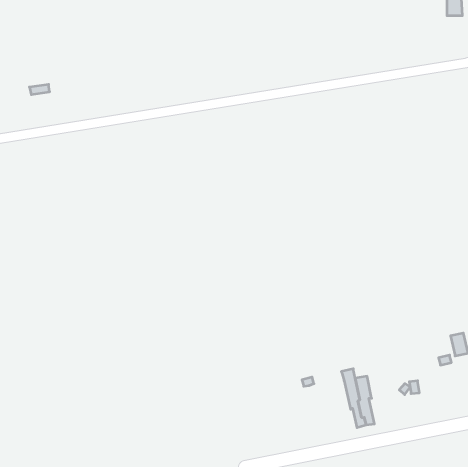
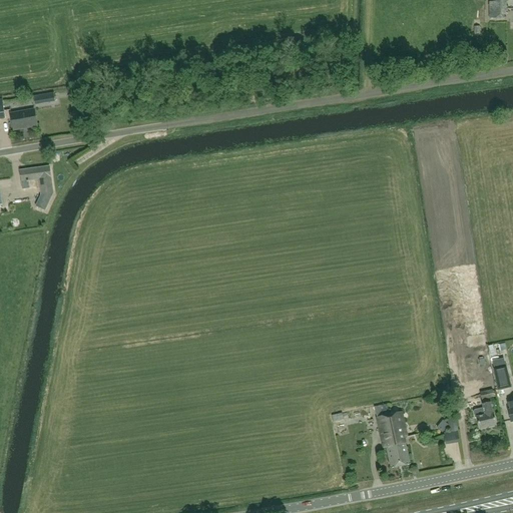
building: none -> [10,109,36,129]
building: none -> [19,164,52,193]
building: none -> [472,402,495,427]

